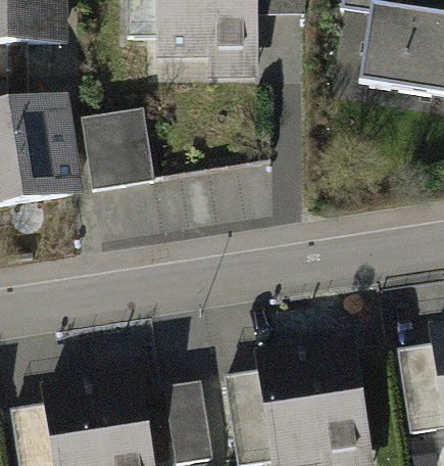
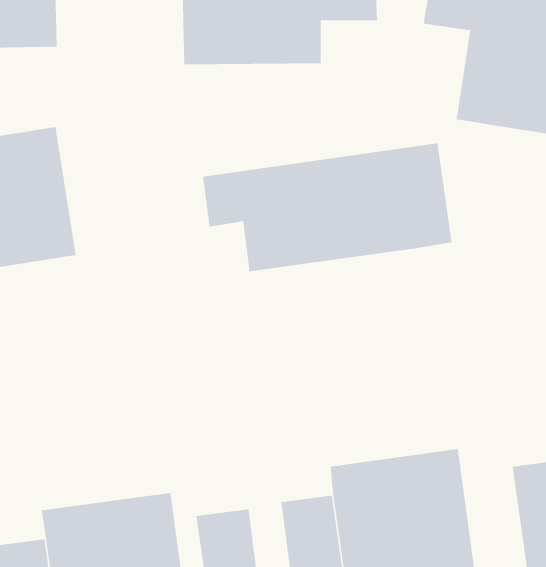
building: [84,107,158,195] -> none
building: none -> [202,143,452,272]

